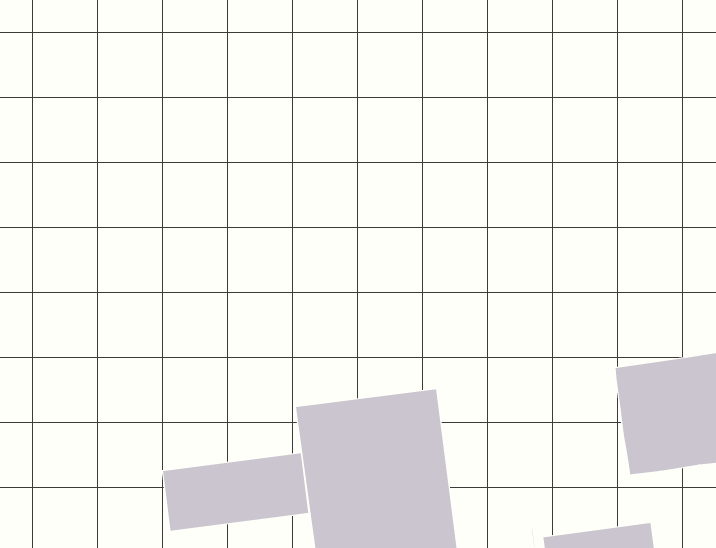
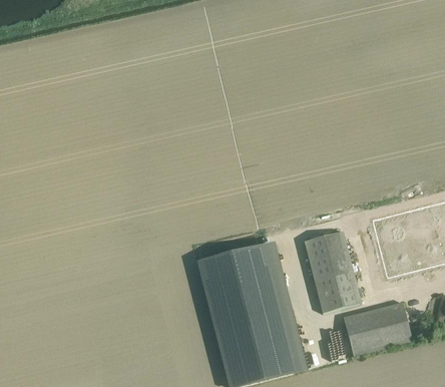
building: none -> [304,232,361,313]
building: [162,453,309,531] -> none

